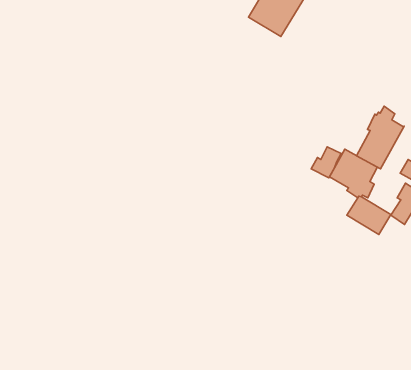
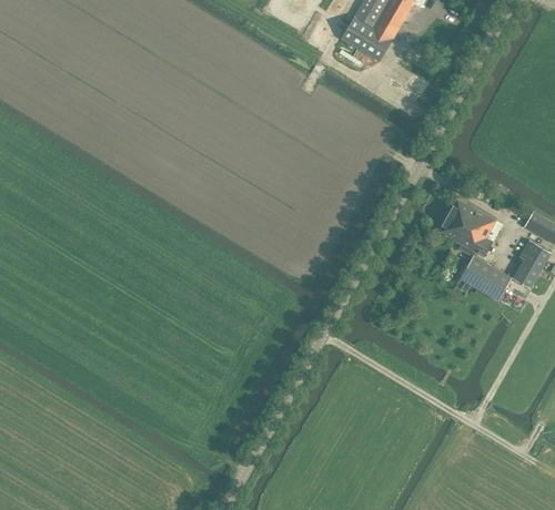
building: [356,106,404,169] -> none
building: [311,147,341,178] -> none

